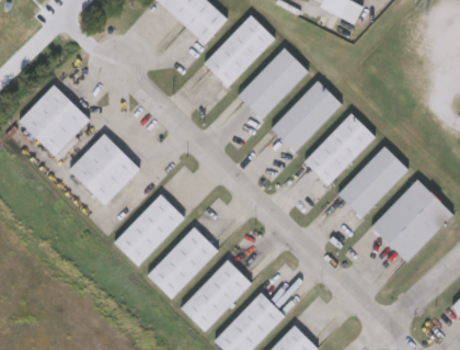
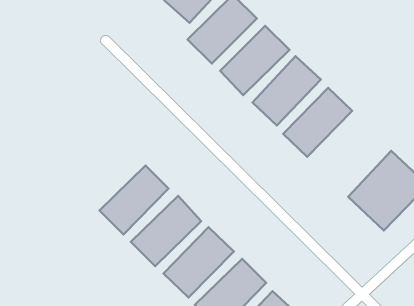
building: [21,83,93,156] -> none
building: [70,132,142,204] -> none
building: [337,145,410,216] -> none

